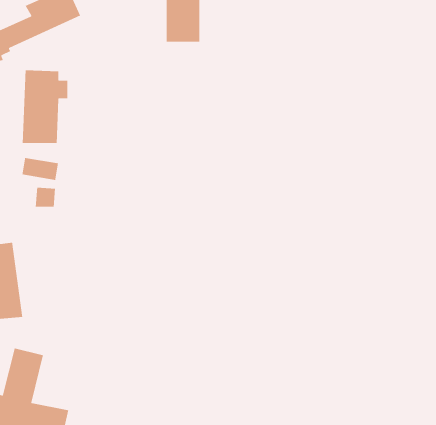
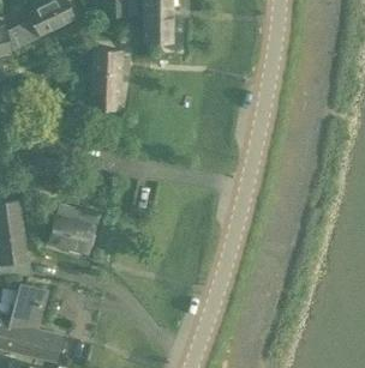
building: [22,69,68,144] -> [92,50,130,110]
building: none -> [48,207,98,254]

